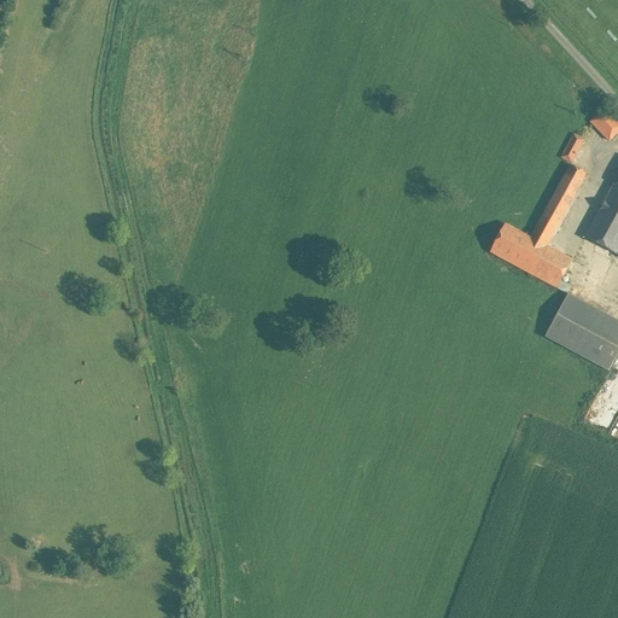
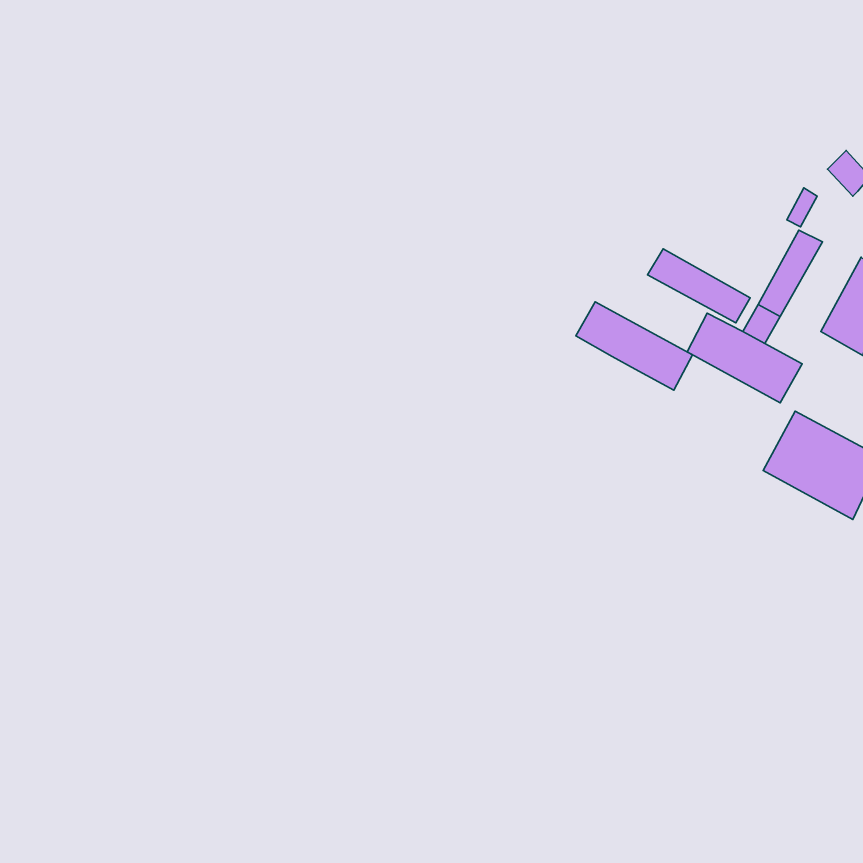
building: none -> [647,249,750,323]
building: none -> [576,302,692,390]

